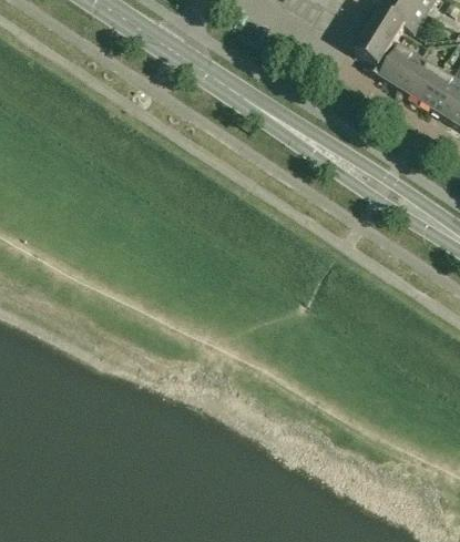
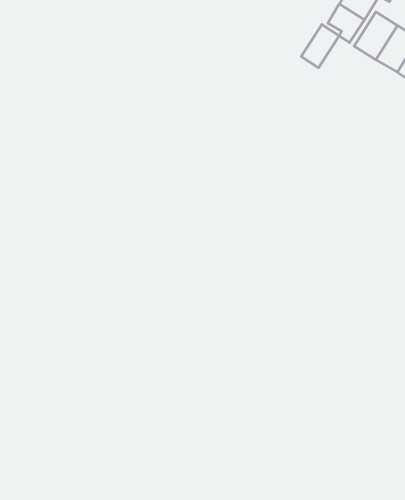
building: none -> [301,24,339,68]

